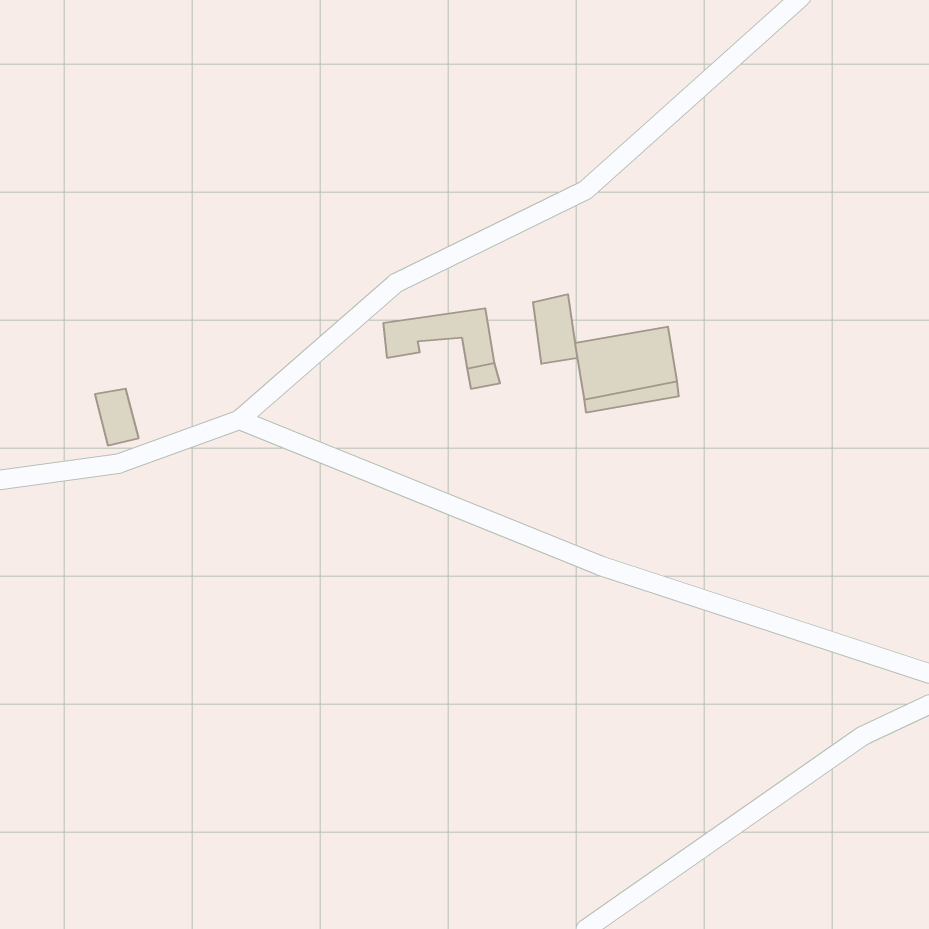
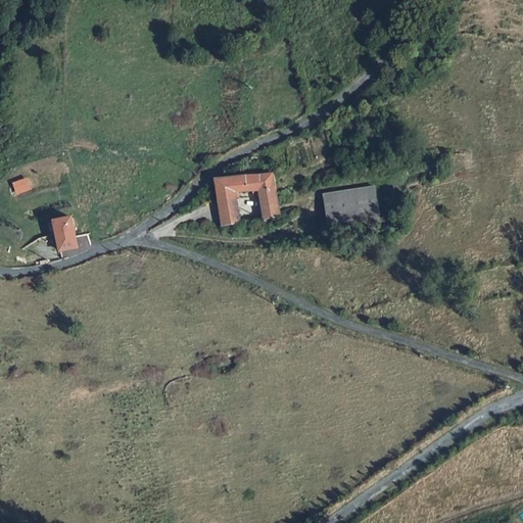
building: [533,294,577,364] -> none
building: none -> [217,197,238,225]

